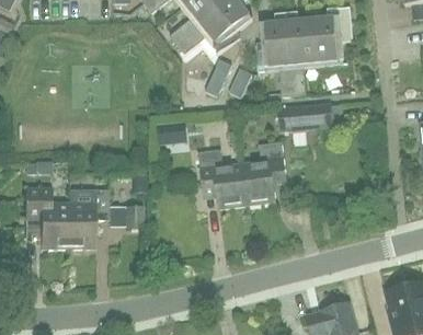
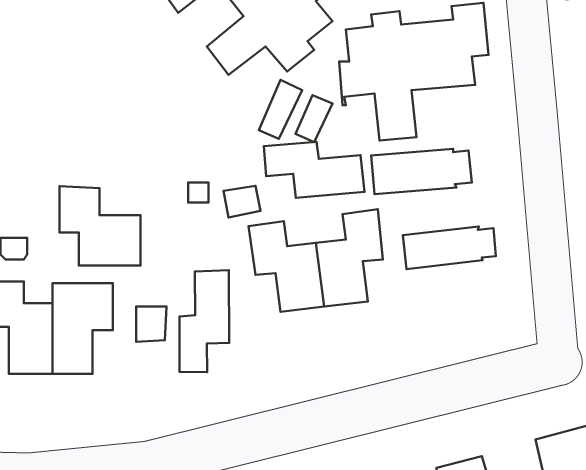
building: none -> [264,142,365,198]
building: none -> [60,186,141,266]
building: none -> [403,226,496,269]
building: none -> [180,270,229,372]

